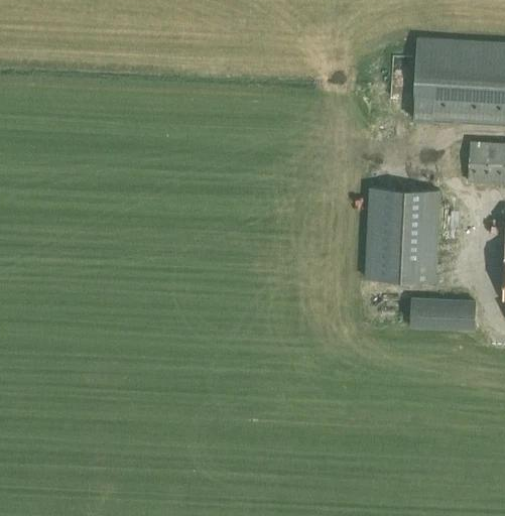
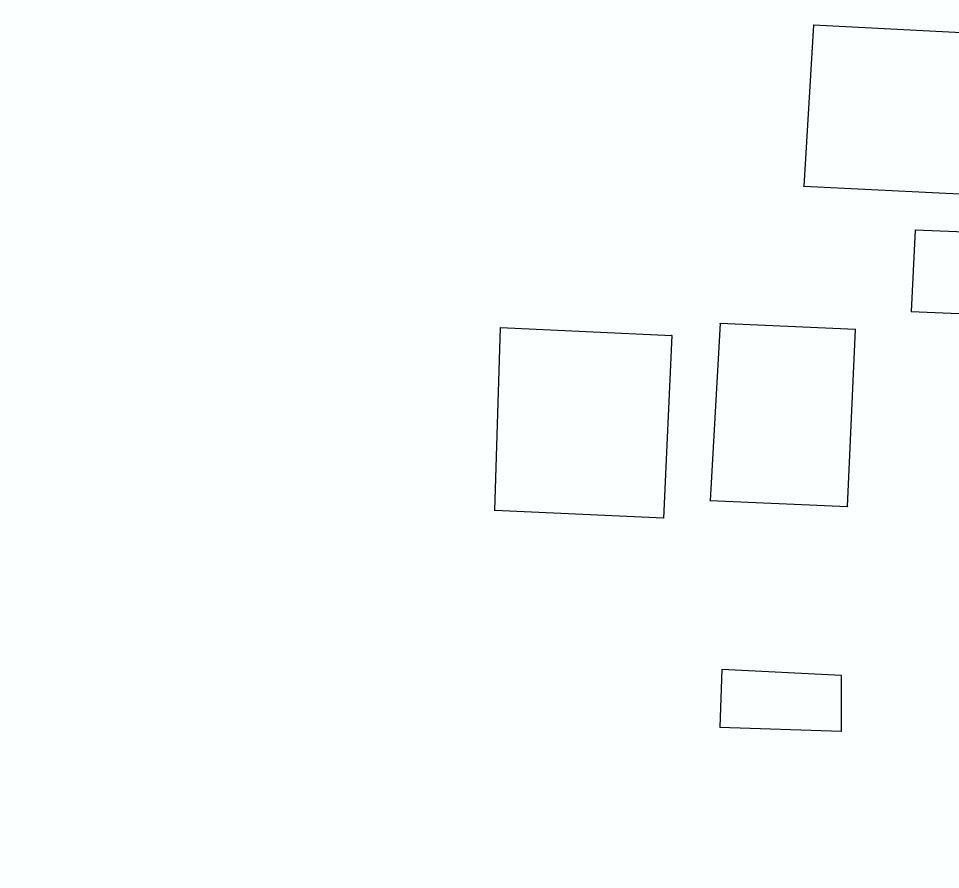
building: none -> [495,328,672,518]
building: [412,299,474,331] -> [720,670,841,731]

